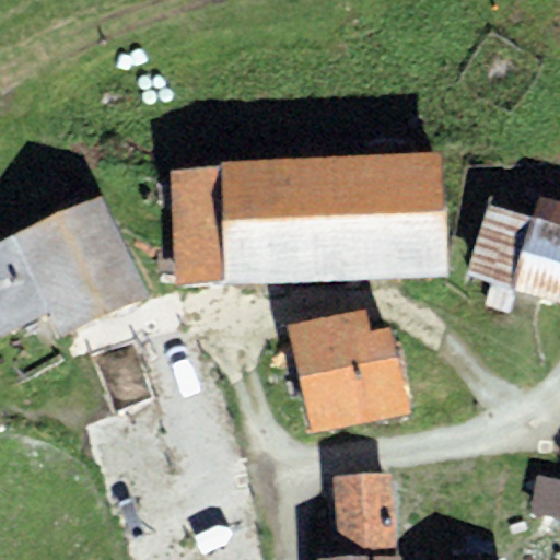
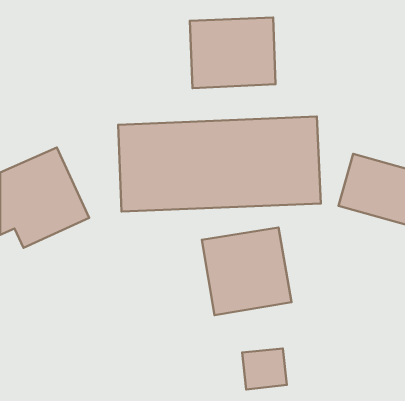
building: none -> [190,18,276,88]

